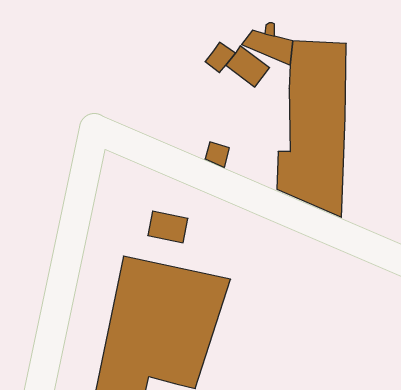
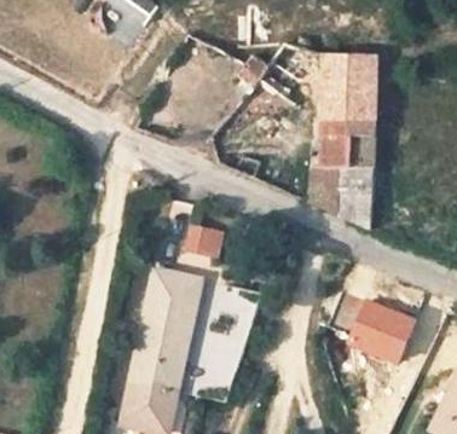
building: none -> [347,299,410,360]

